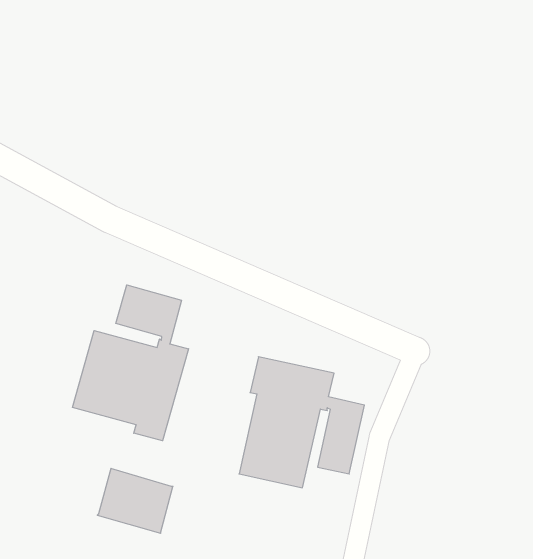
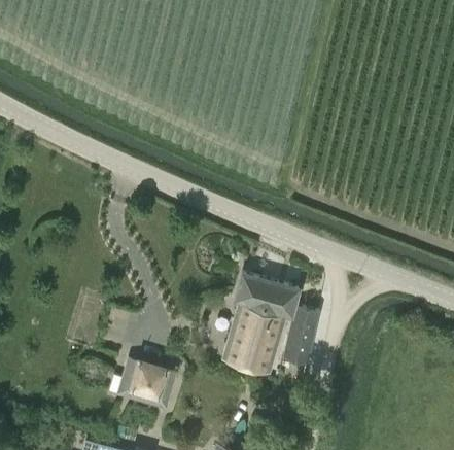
building: [72,285,189,441] -> none

